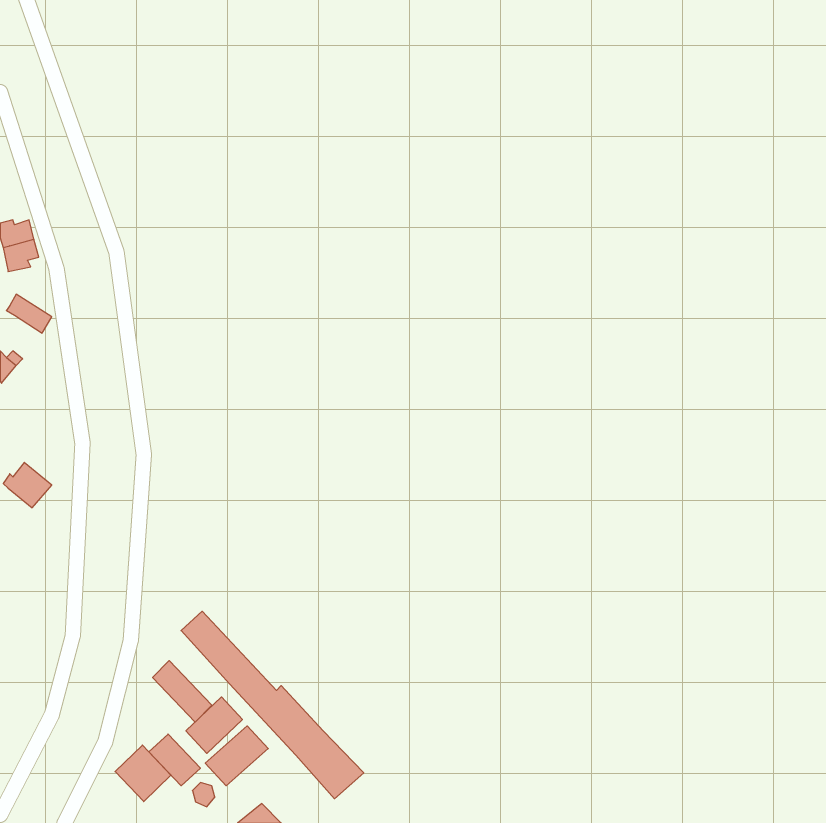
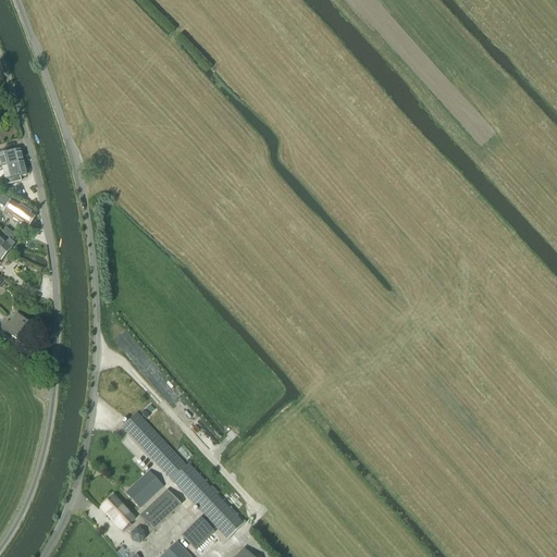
building: [153,661,212,722] -> none
building: [115,745,171,802] -> none
building: none -> [182,516,214,548]

